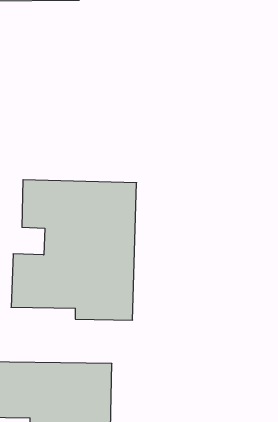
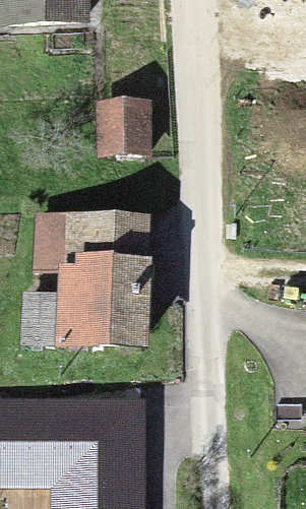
building: none -> [95,98,150,158]

